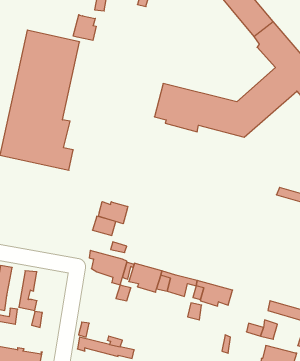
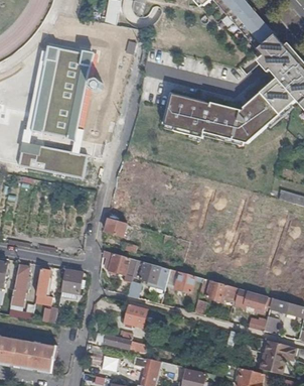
building: [73,15,96,40] -> none
building: [98,202,128,224] -> none
building: none -> [60,268,82,292]
building: none -> [234,287,266,310]
building: none -> [123,302,146,326]

